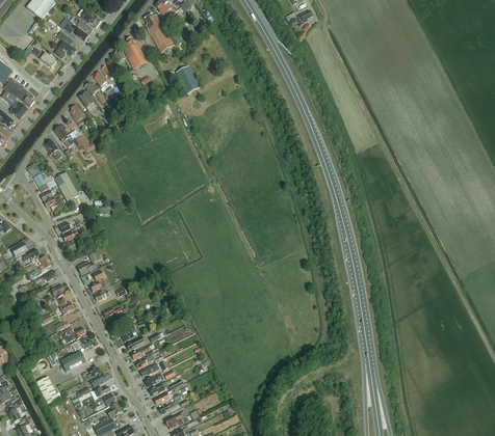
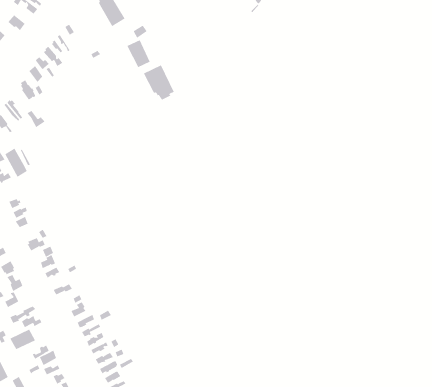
building: [123,37,148,70] -> none
building: none -> [143,65,174,101]

